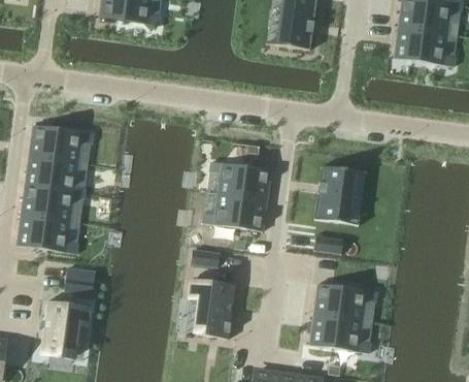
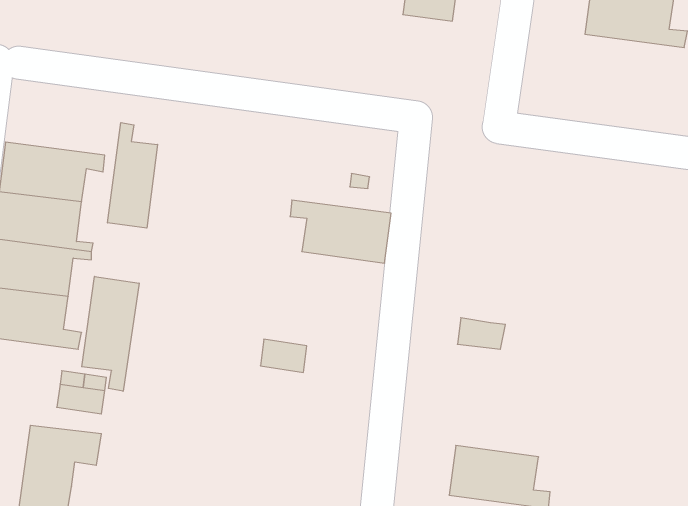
building: none -> [108,123,158,228]
building: [316,164,355,222] -> none
building: [204,192,270,230] -> none
building: none -> [82,276,139,391]
building: [191,278,236,338] -> none
building: [314,282,380,320] -> none

